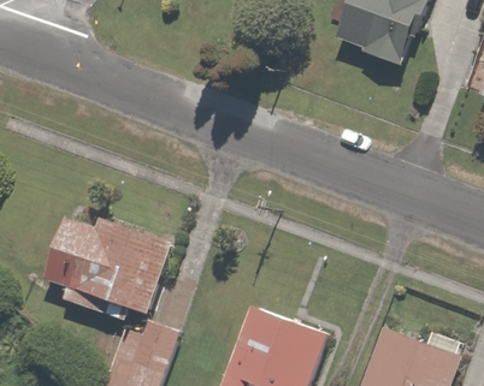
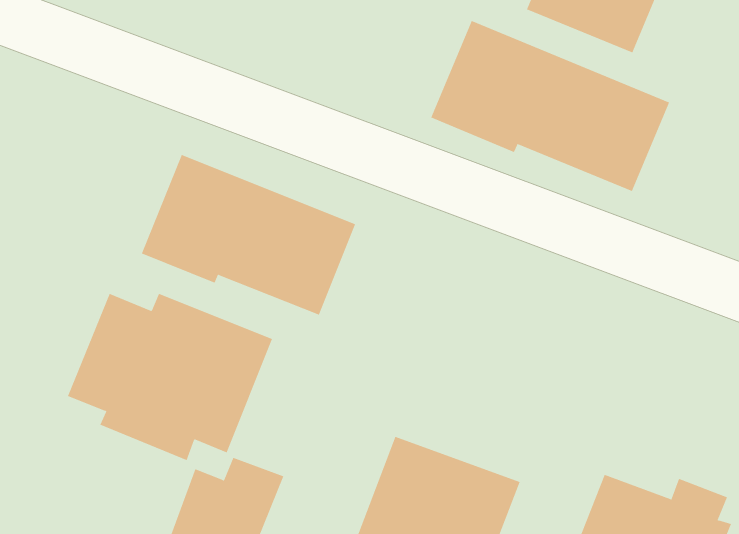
building: none -> [431,20,670,192]
building: none -> [141,154,356,315]

